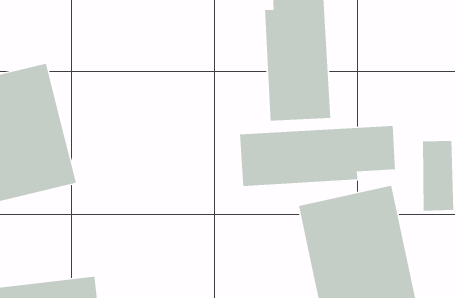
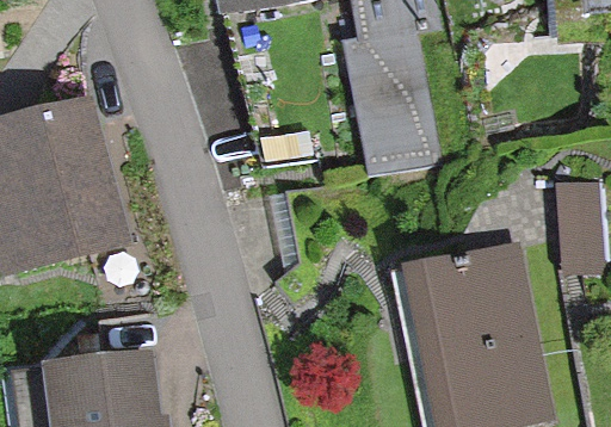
building: [239,125,396,187] -> none

